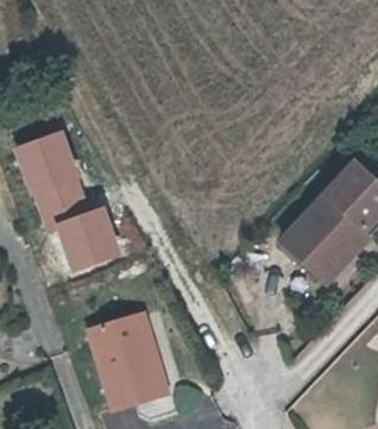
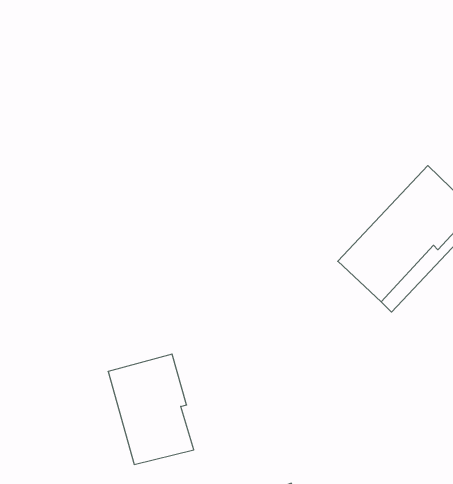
building: [14,132,112,267] -> none

